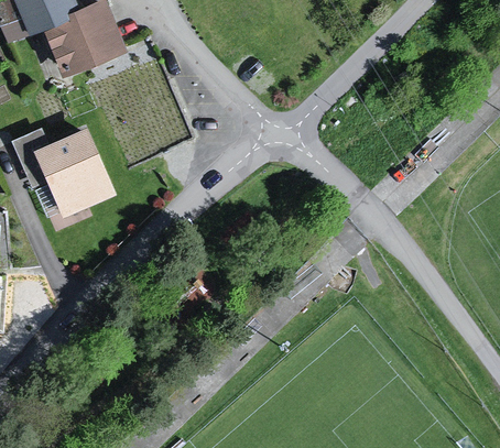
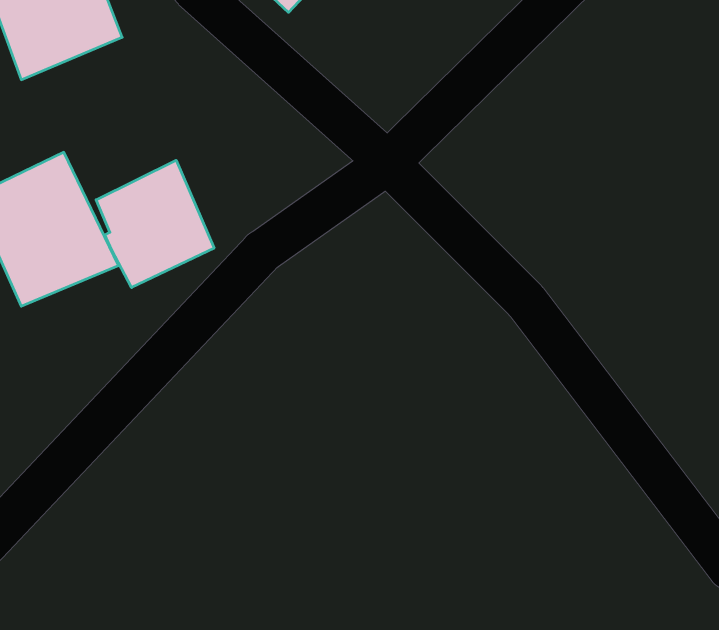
building: none -> [96,160,214,288]

